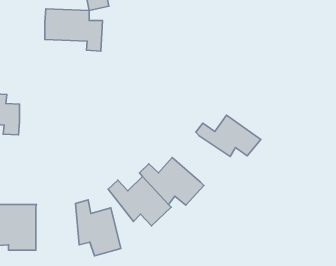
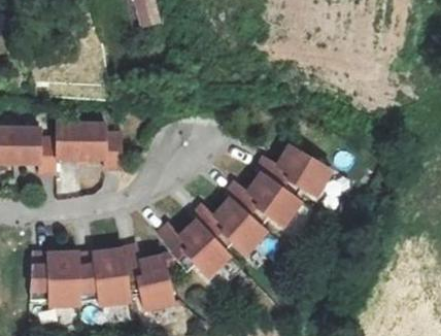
building: [45,9,103,51] -> [57,122,123,170]
building: none -> [228,173,301,226]
building: none -> [75,250,126,305]

